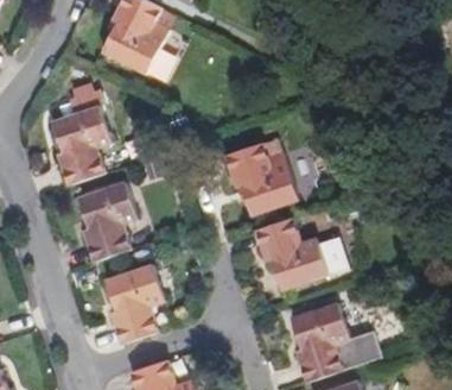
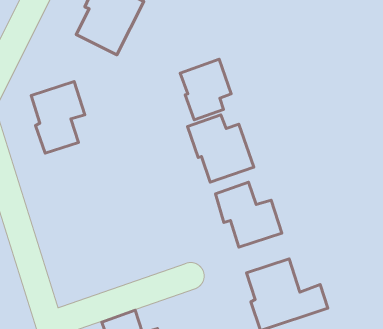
building: none -> [180,59,231,120]
building: [76,181,136,262] -> none
building: [104,264,165,344] -> none

